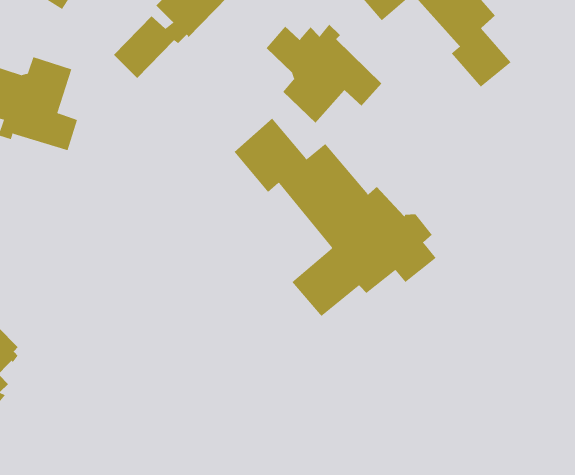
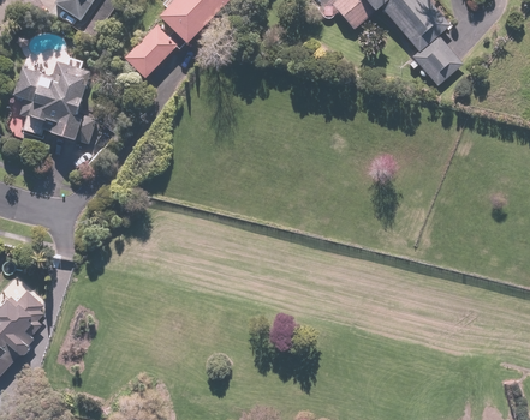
building: [266,24,382,123] -> none
building: [234,118,437,317] -> none

